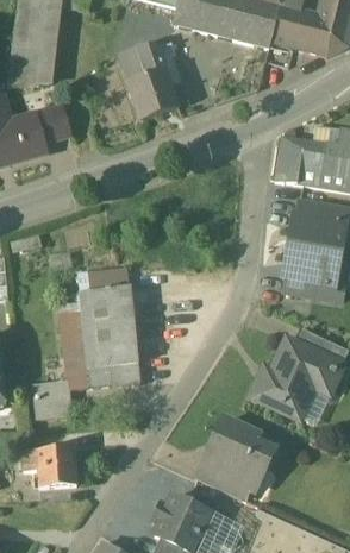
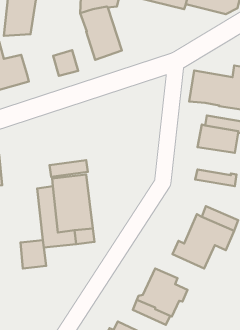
building: [36,105,71,142] -> [53,50,78,76]
building: [283,245,342,285] -> none
building: [24,447,77,488] -> none

